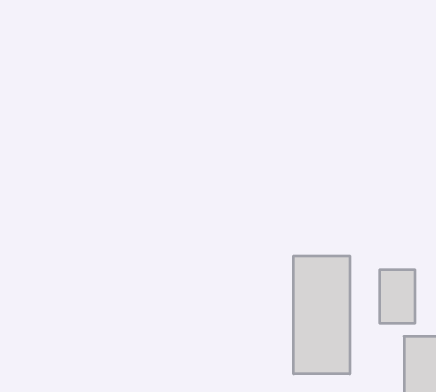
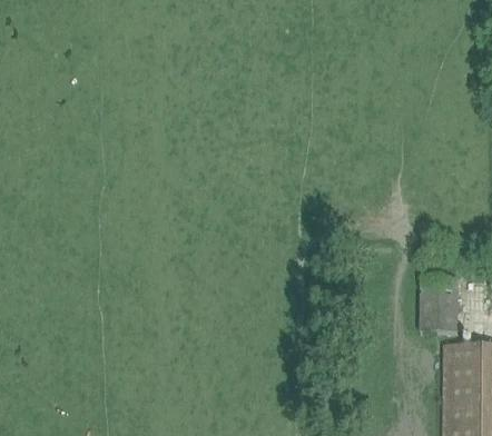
building: [294,256,350,374] -> none

